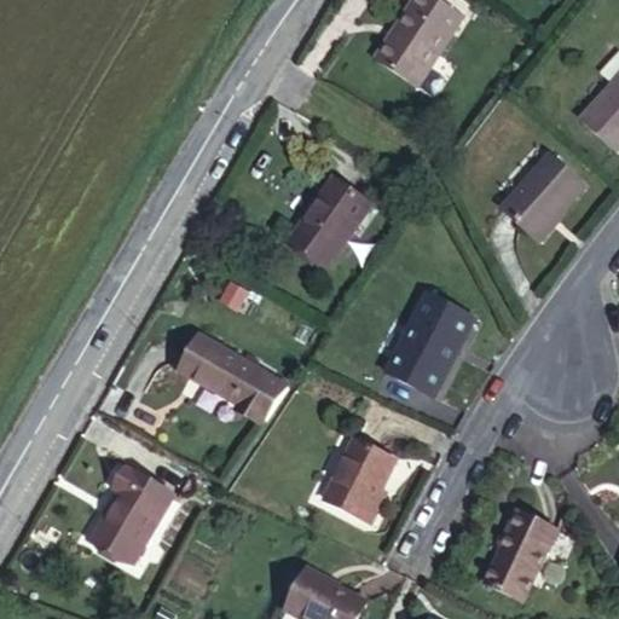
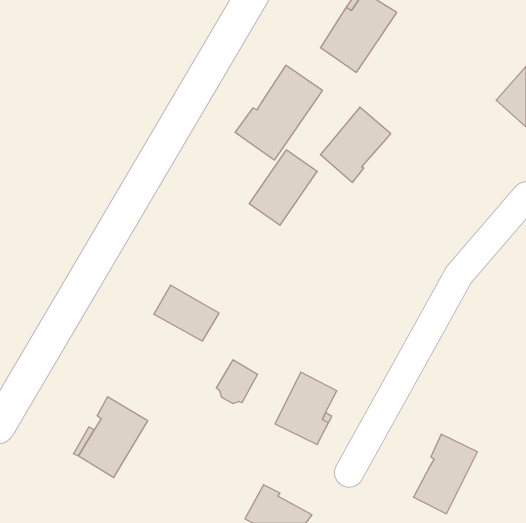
building: none -> [235,65,322,160]
building: [503,151,585,239] -> [320,107,391,182]
building: [391,300,473,403] -> none
building: [237,366,285,417] -> [216,360,258,403]

